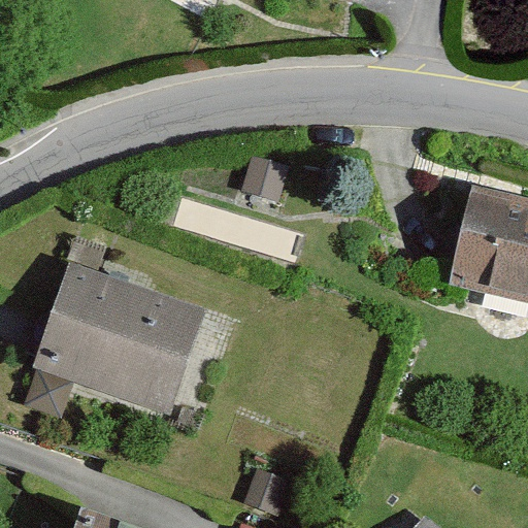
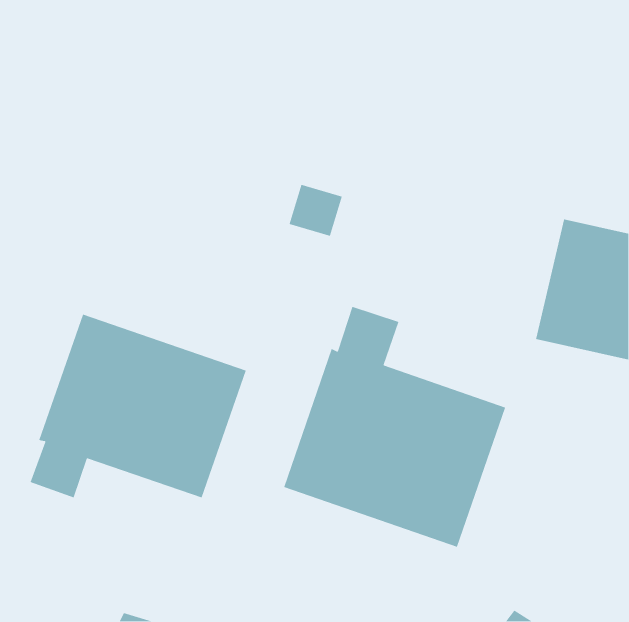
building: none -> [283,306,506,548]

